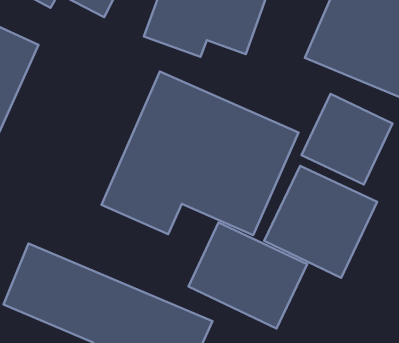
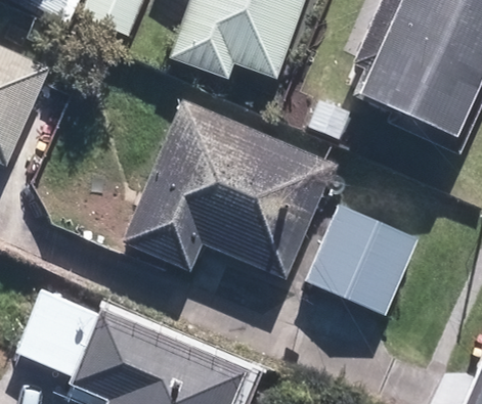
building: [301,94,392,184] -> none
building: [189,222,307,329] -> none

